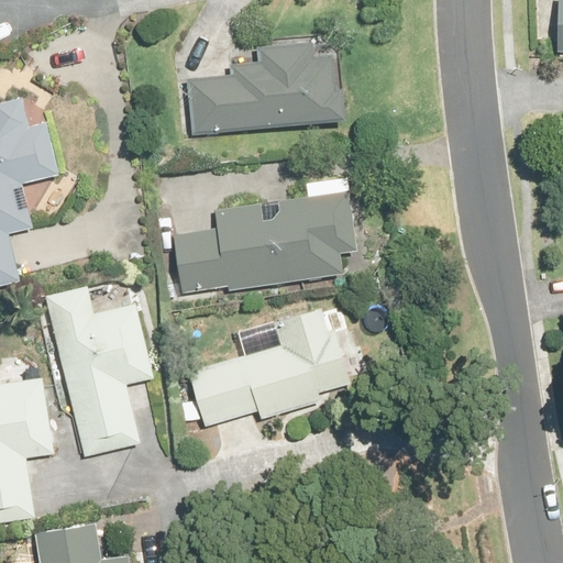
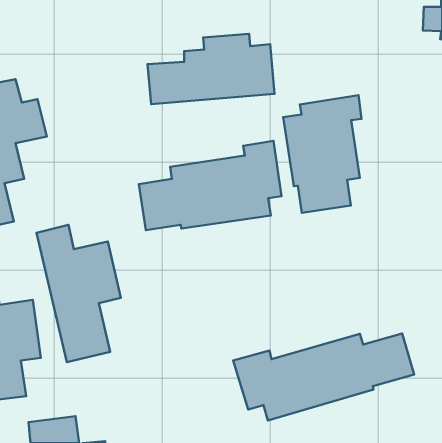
building: none -> [283,95,361,213]
building: [191,309,351,424] -> none
building: none -> [233,333,414,420]

